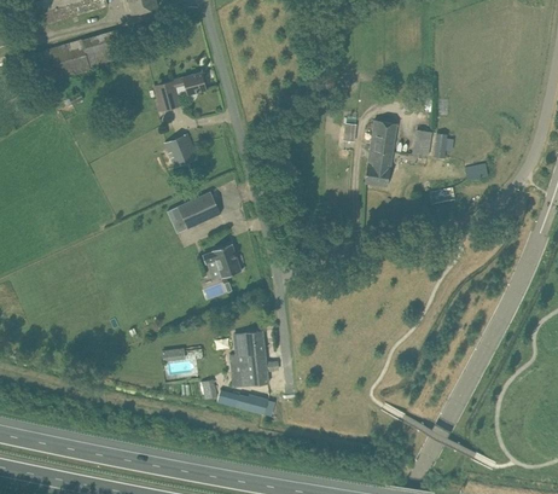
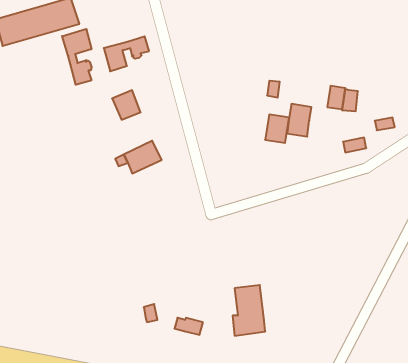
building: none -> [62,29,91,85]
building: [370,120,397,152] -> [265,114,289,143]
building: [202,243,242,278] -> none
building: [231,330,268,388] -> [233,285,265,336]

